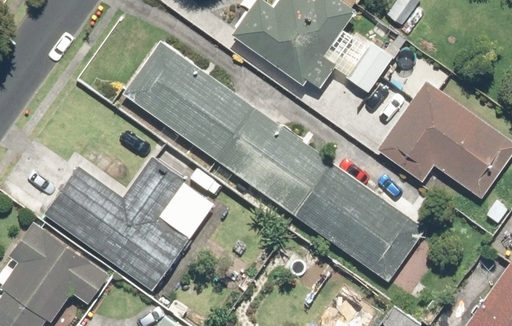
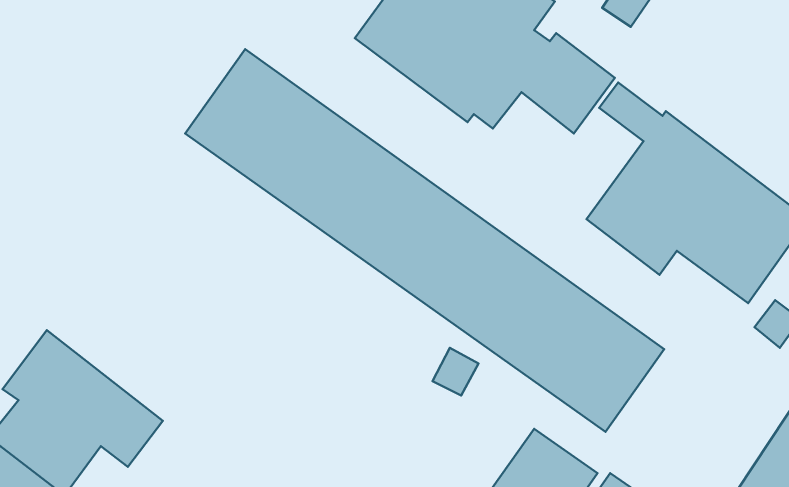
building: [45,155,201,292] -> none

